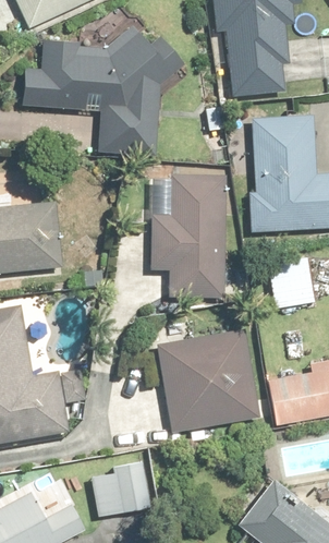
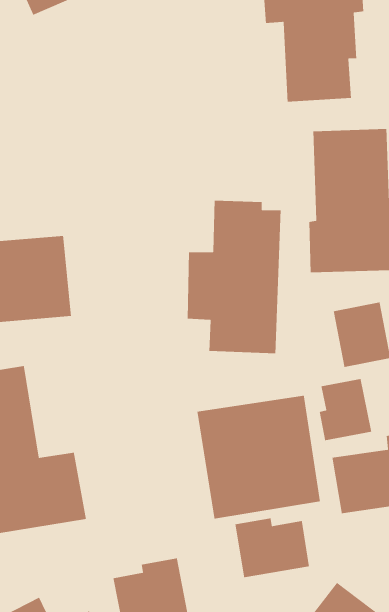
building: [23,24,173,154] -> none
building: none -> [319,378,372,441]
building: none -> [235,517,310,578]

